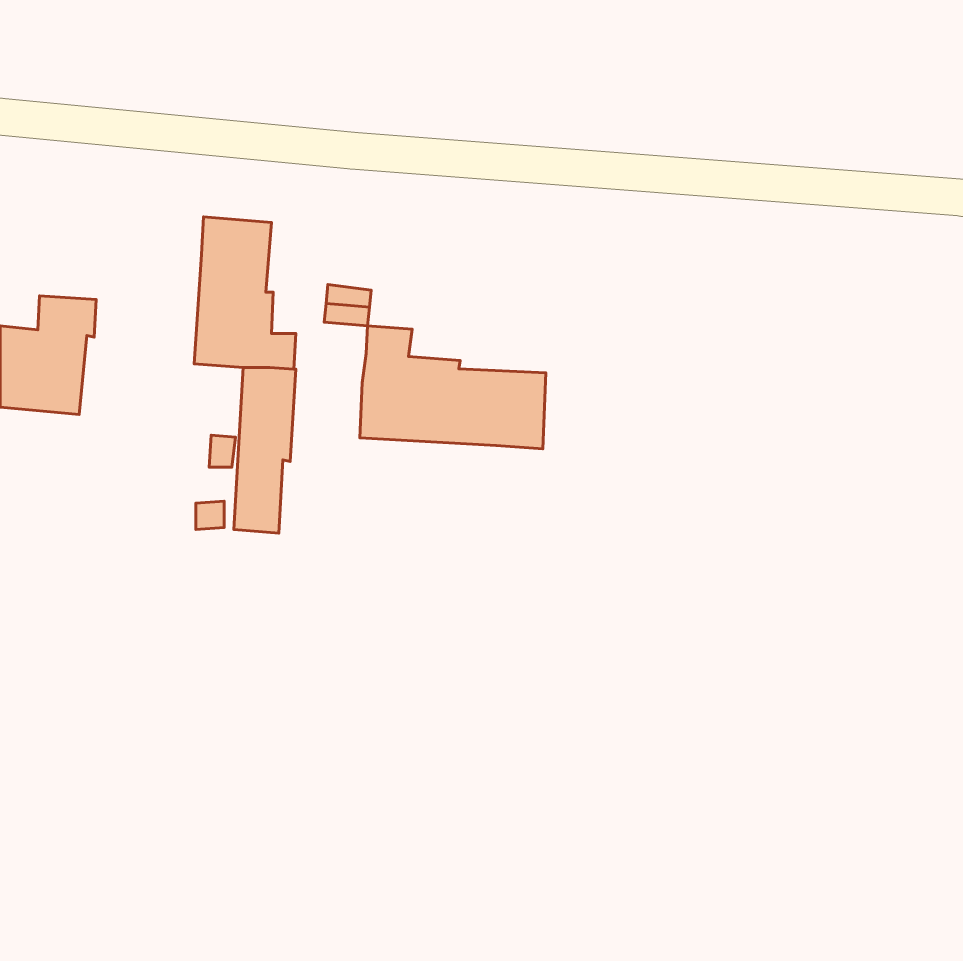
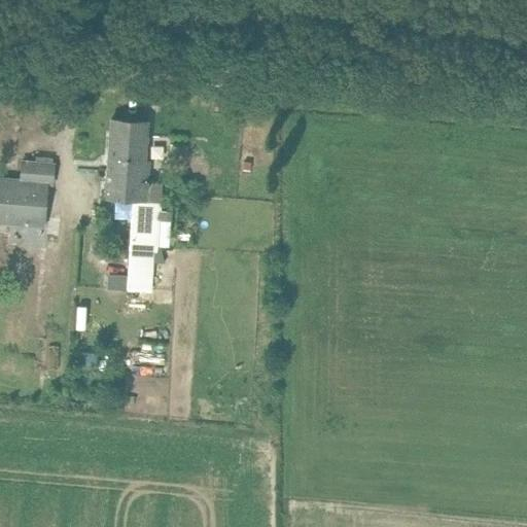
building: [360,326,546,449] -> none

